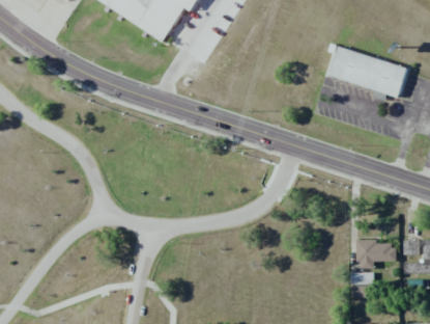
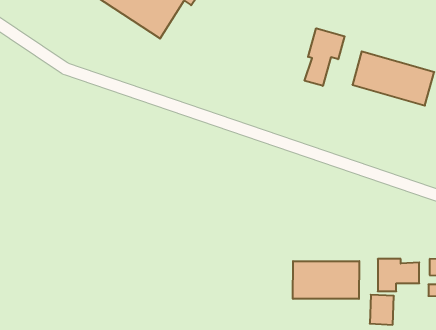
building: none -> [305,28,345,86]
building: none -> [293,261,359,299]

